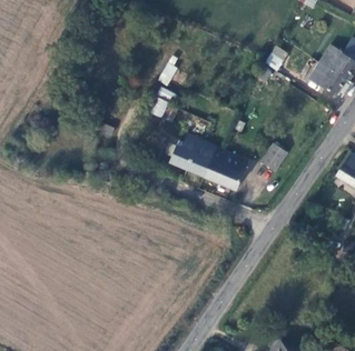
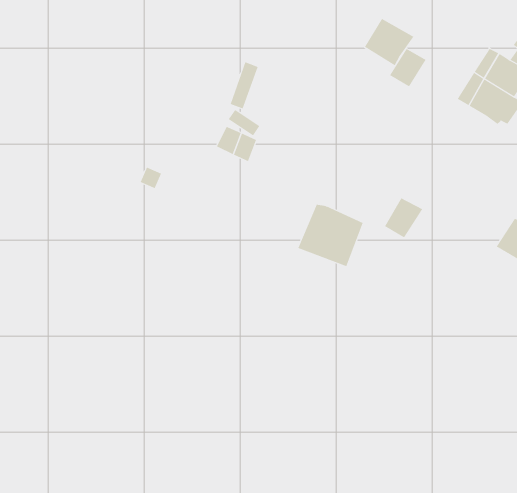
building: none -> [364,18,414,66]
building: [169,132,216,177] -> none

